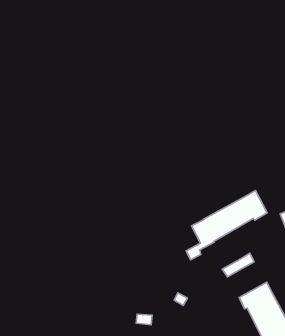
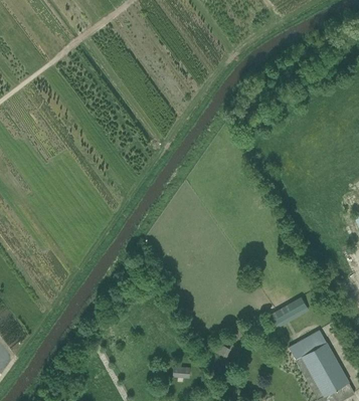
building: [186,190,267,260] -> none

